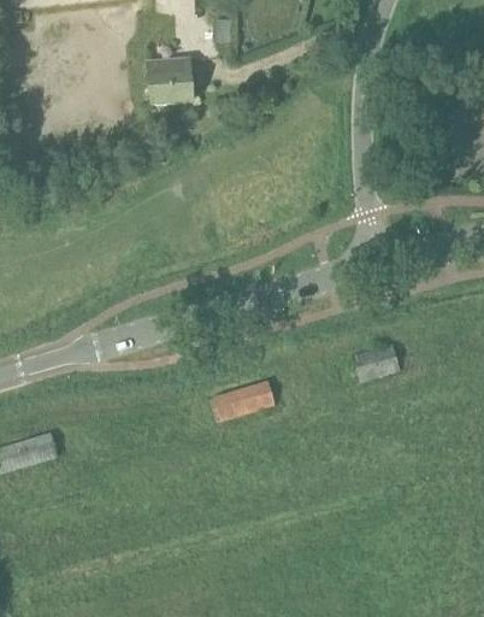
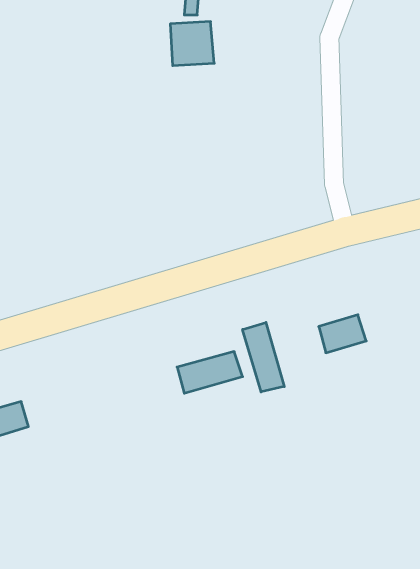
building: [148,59,193,104] -> [170,22,214,66]
building: none -> [243,322,284,392]

